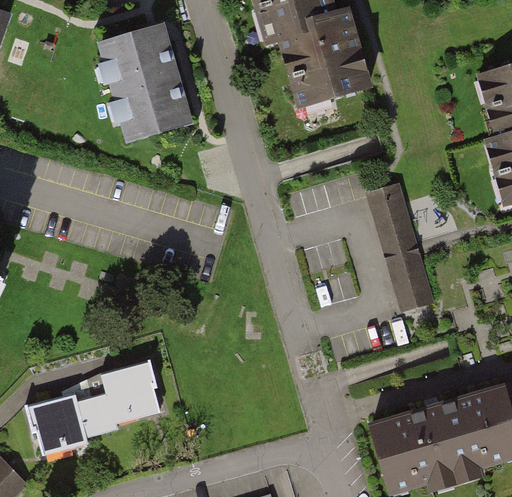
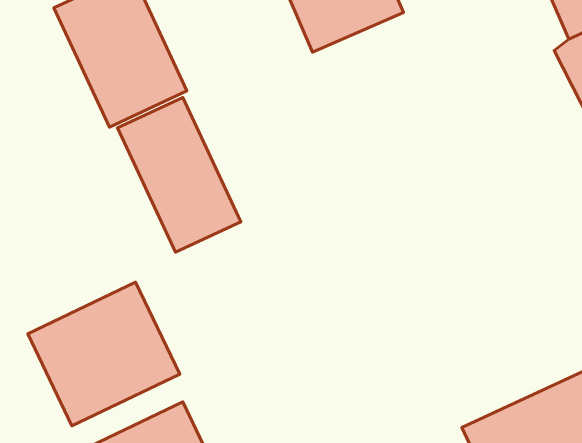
building: none -> [117,97,241,252]
building: [374,187,434,307] -> none
building: none -> [28,282,180,426]

